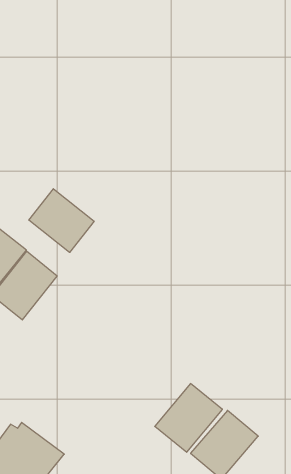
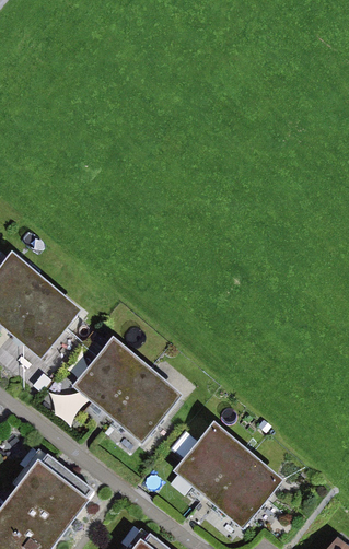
building: [29,189,94,252] -> none
building: none -> [69,340,141,414]
building: none -> [106,374,177,447]

